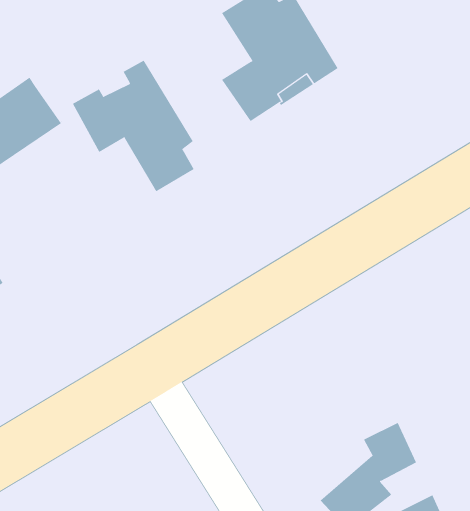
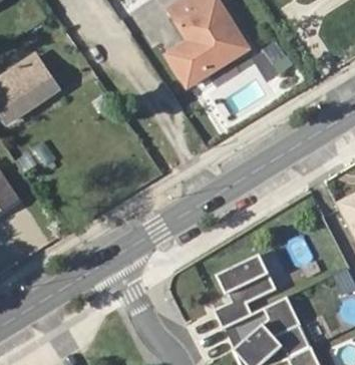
building: [72,60,194,192] -> none
building: none -> [214,253,276,327]

